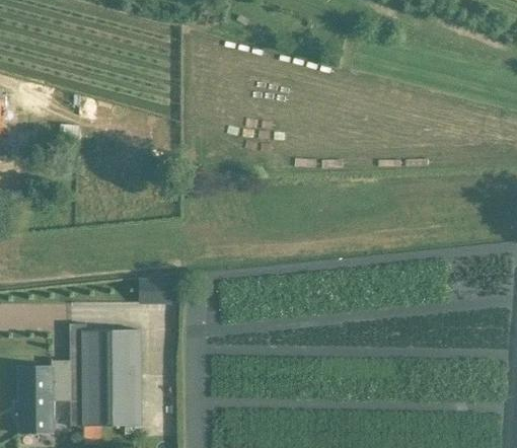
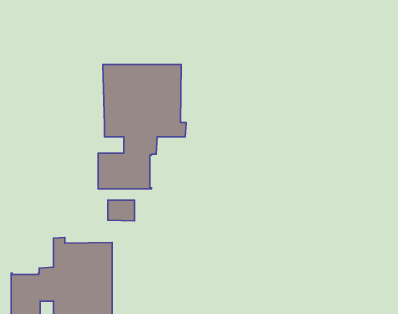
building: none -> [98,64,186,189]

